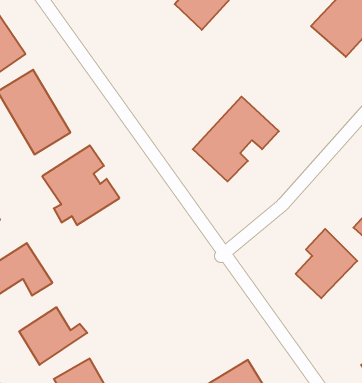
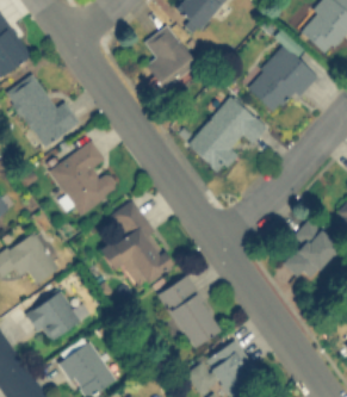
building: none -> [144,25,194,87]
building: none -> [244,46,315,117]
building: none -> [99,200,175,287]
building: none -> [159,275,222,349]

